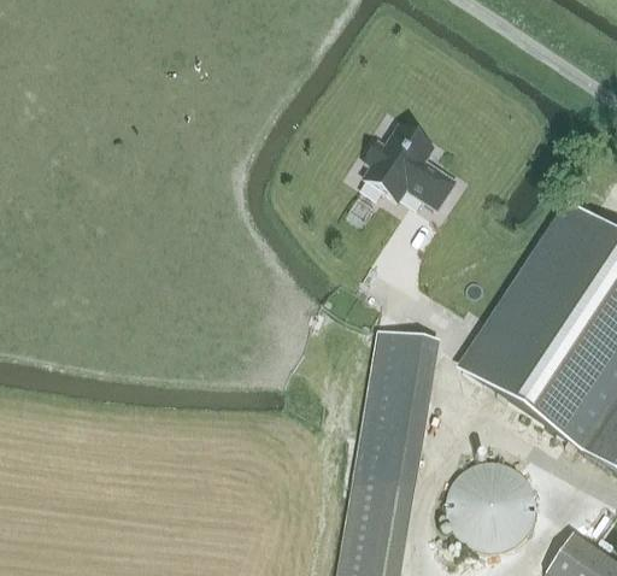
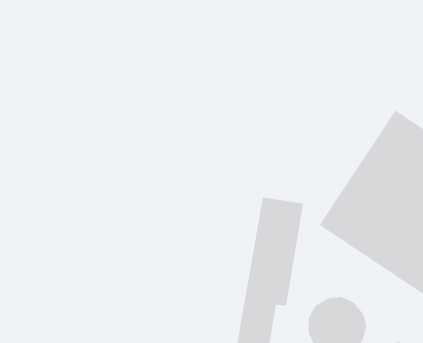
building: [365,122,456,205] -> none

